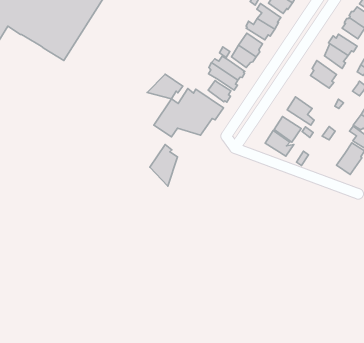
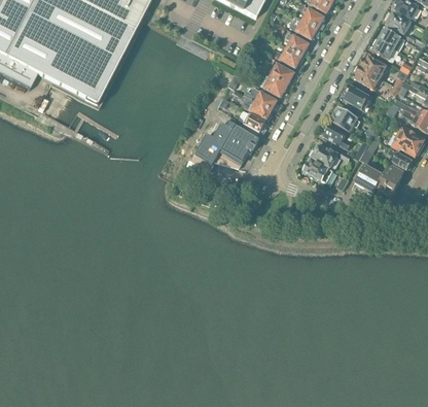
building: [147,74,183,99] -> none
building: none -> [331,105,360,131]
building: none -> [355,163,384,194]
building: [150,145,177,186] -> none

